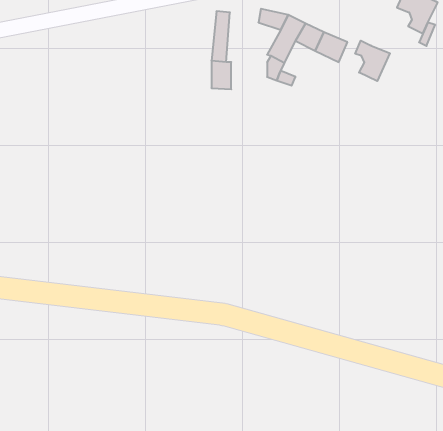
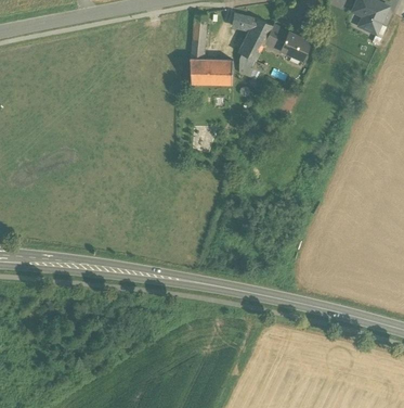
building: [355,41,390,81] -> none
building: none -> [208,60,232,85]

